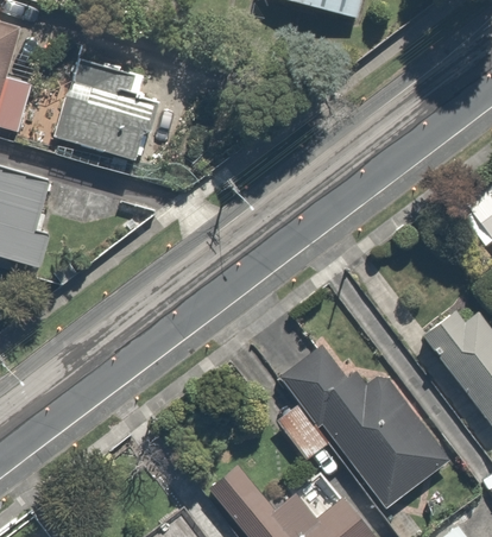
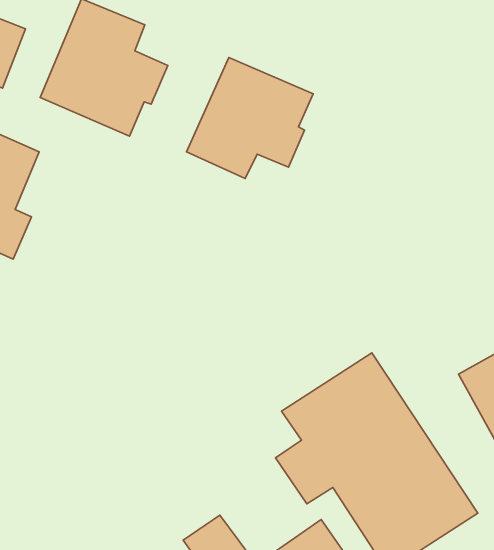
building: none -> [186,58,313,178]

